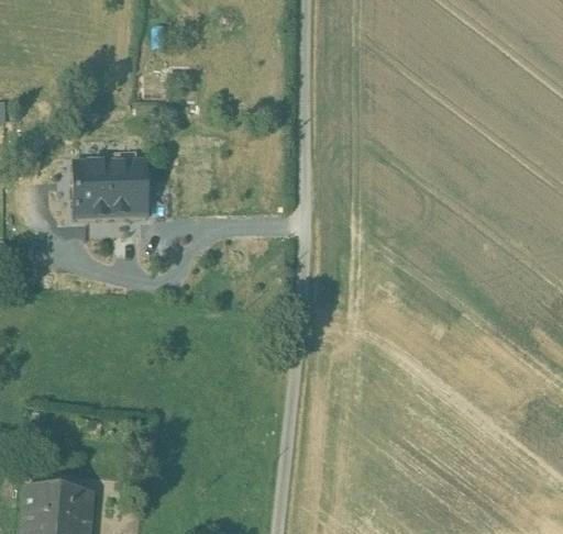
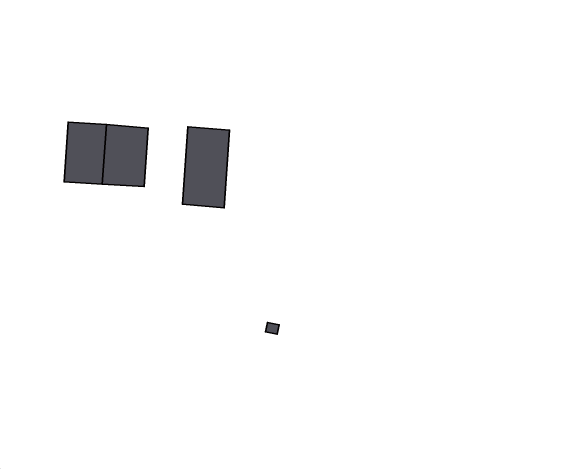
building: none -> [182,127,230,208]

